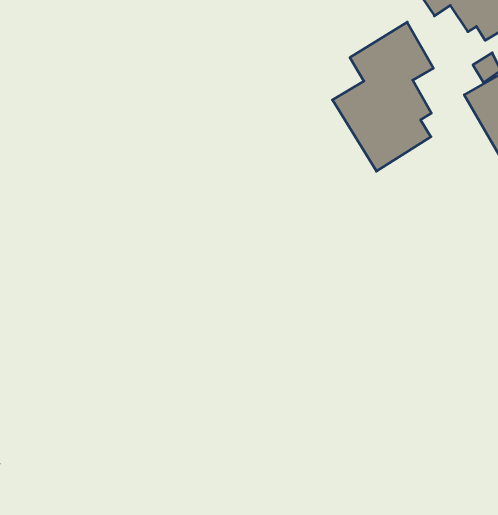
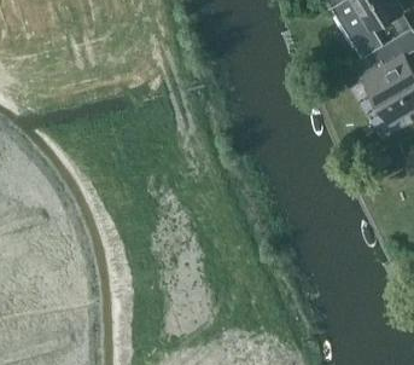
building: [332,22,433,171] -> none

